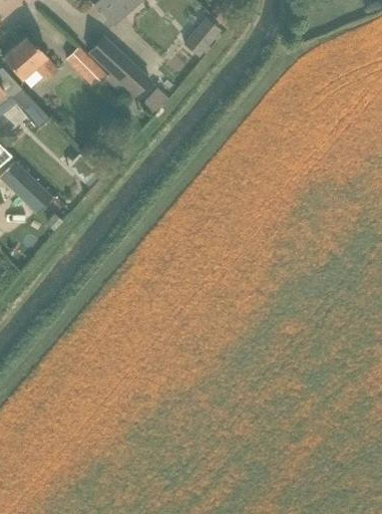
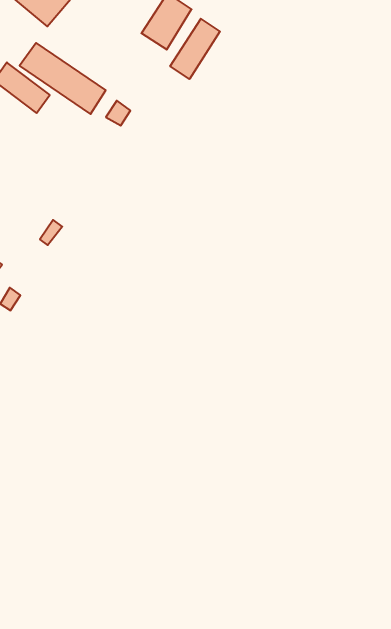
building: none -> [170,19,220,79]

